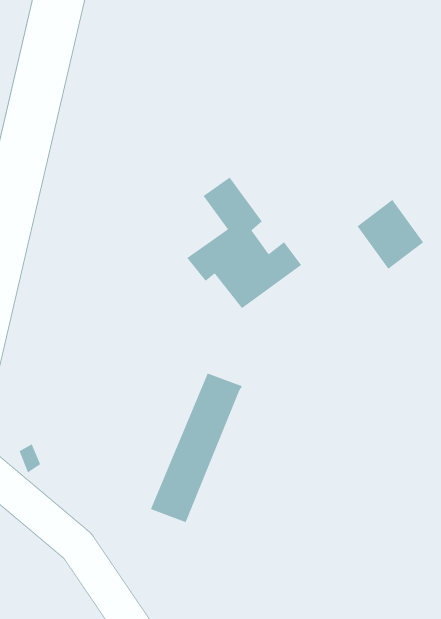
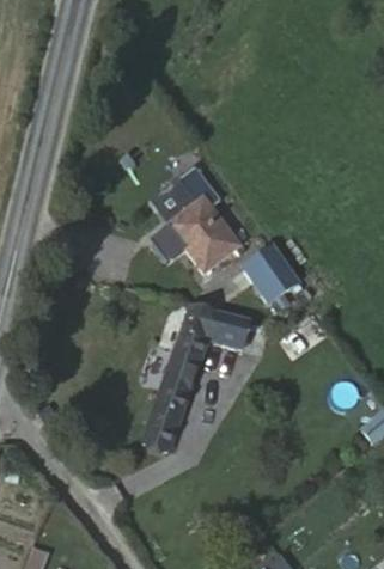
building: [356,199,424,270] -> [249,255,303,311]
building: none -> [182,304,250,354]

